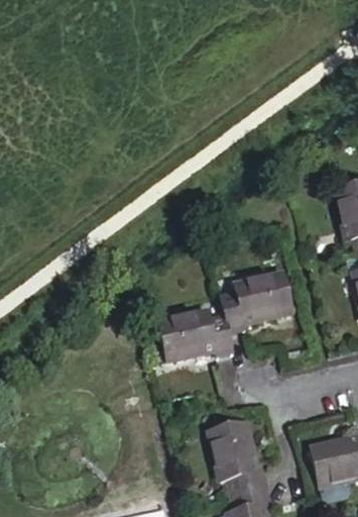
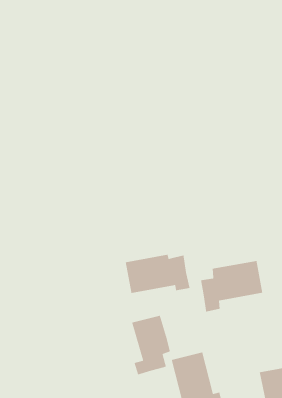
building: [221,274,292,333] -> [200,260,263,313]
building: none -> [131,315,171,375]

